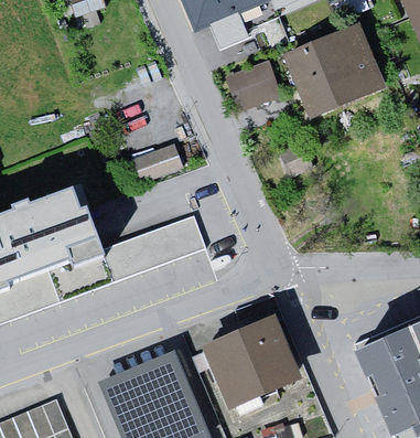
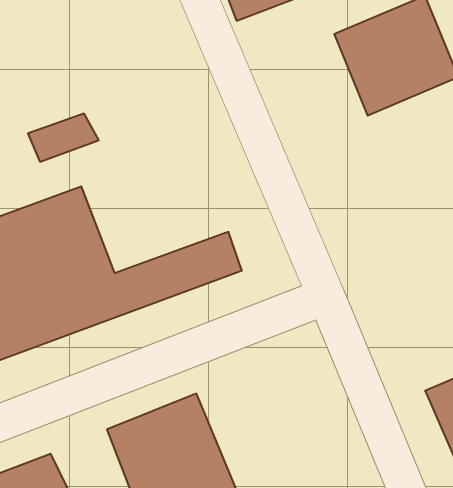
building: [228,61,280,109] -> none
building: [123,143,182,183] -> [28,114,99,162]
building: [204,320,303,417] -> none

